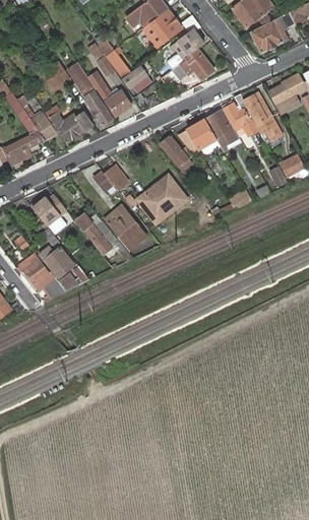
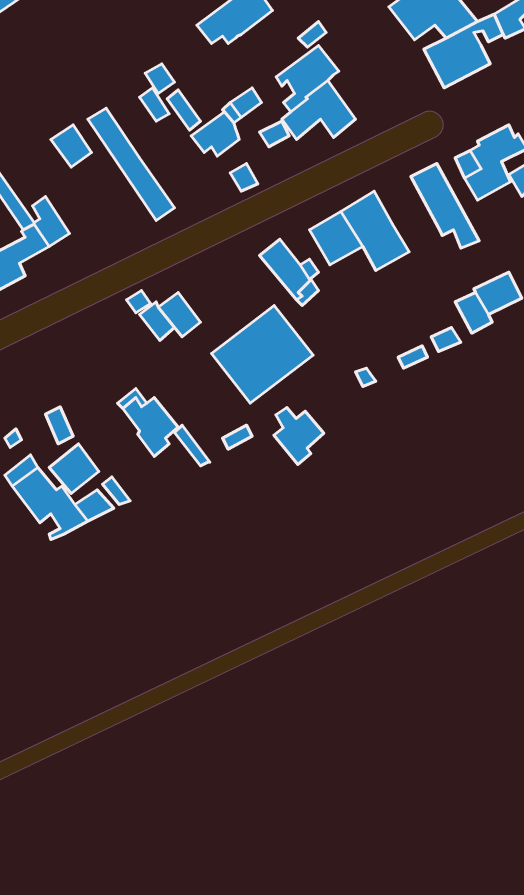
building: [147,11,181,42] -> none
building: [95,81,131,116] -> none
building: [223,93,259,136] -> none
building: [51,112,92,141] -> none
building: [33,194,66,225] -> none
building: [116,217,143,249] -> [274,407,324,465]

